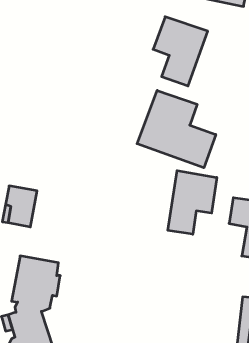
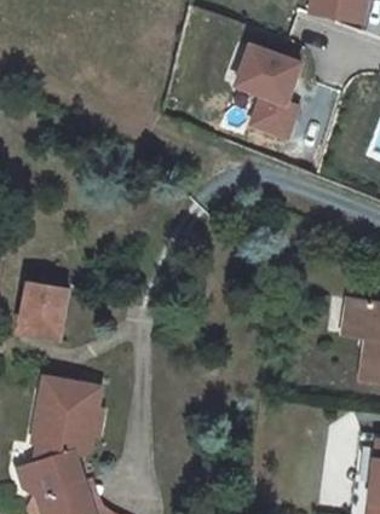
building: [137,90,216,168] -> none
building: [168,171,217,234] -> none

